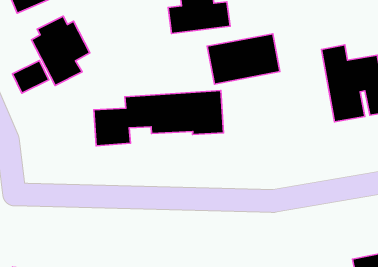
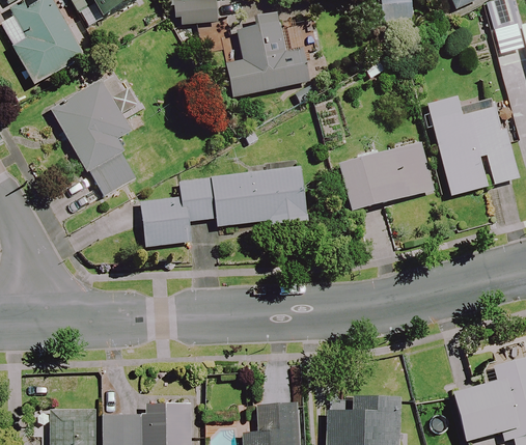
building: [207,34,280,84] -> [338,141,434,211]
building: [13,60,49,93] -> [89,152,136,196]

